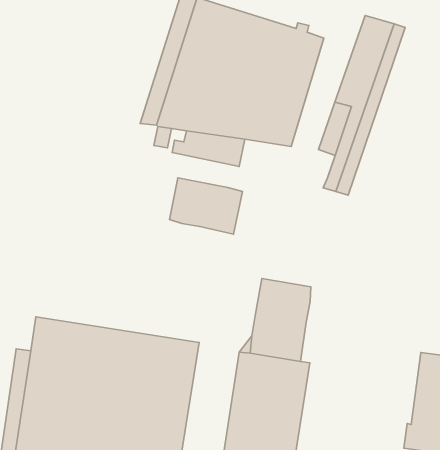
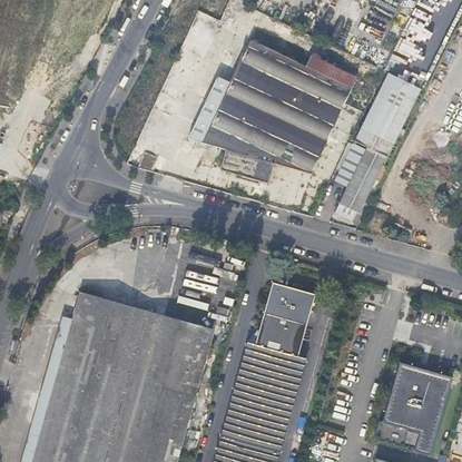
building: [170,178,243,234] -> none

